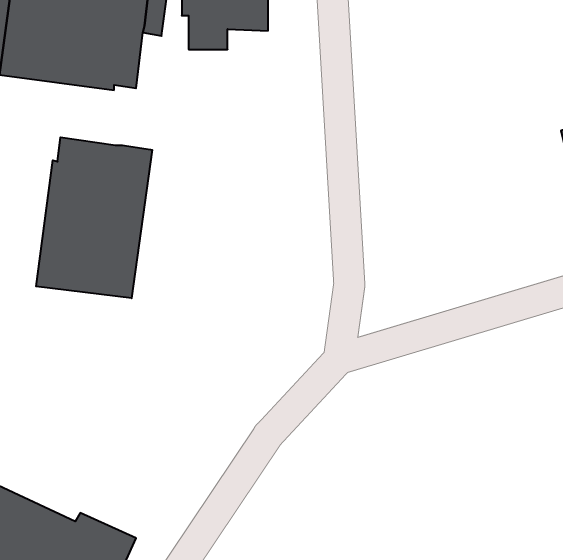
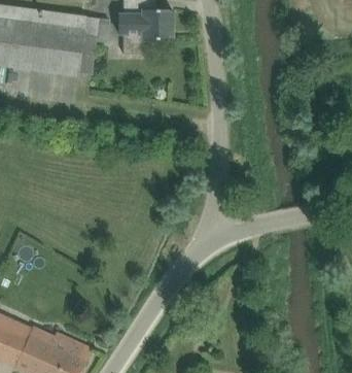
building: [36,137,152,298] -> none

